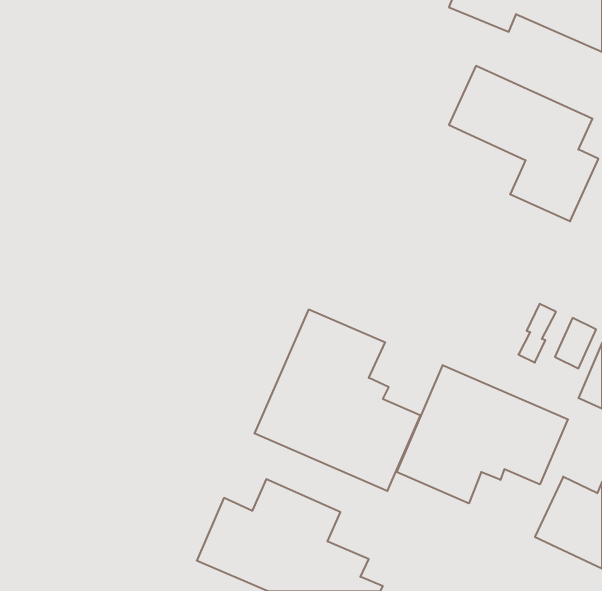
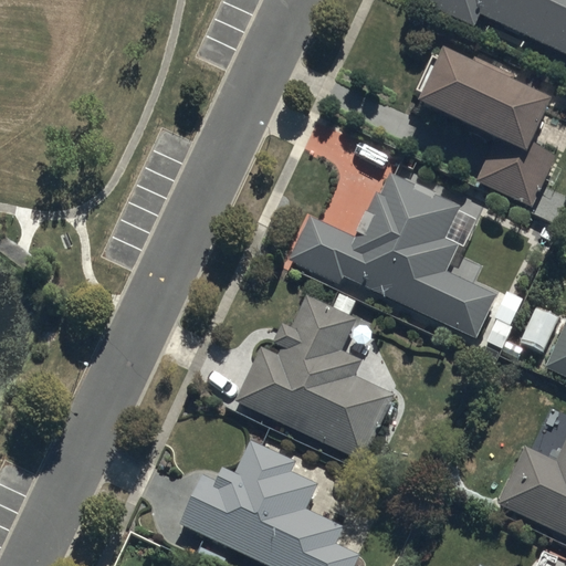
building: none -> [287,168,497,338]
building: [397,365,568,503] -> none

